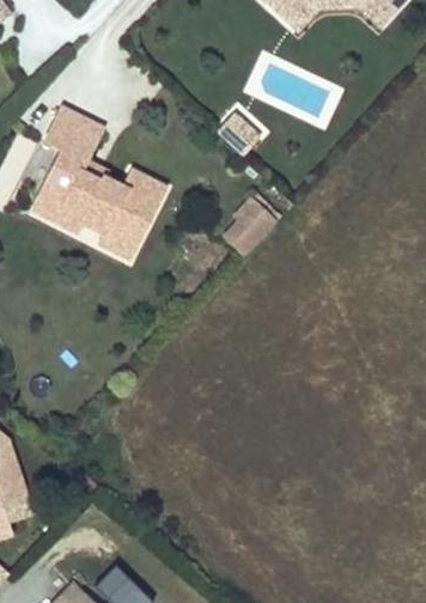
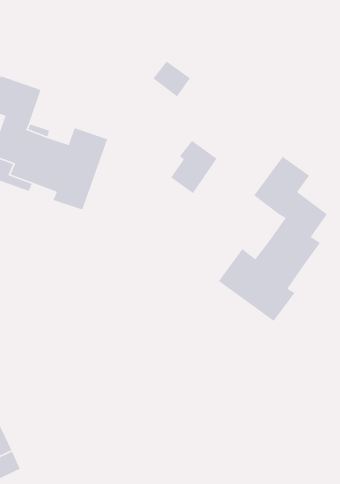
building: none -> [218,156,328,322]

